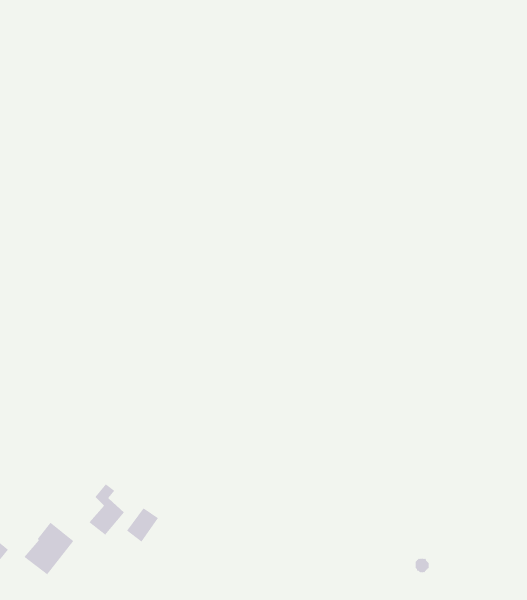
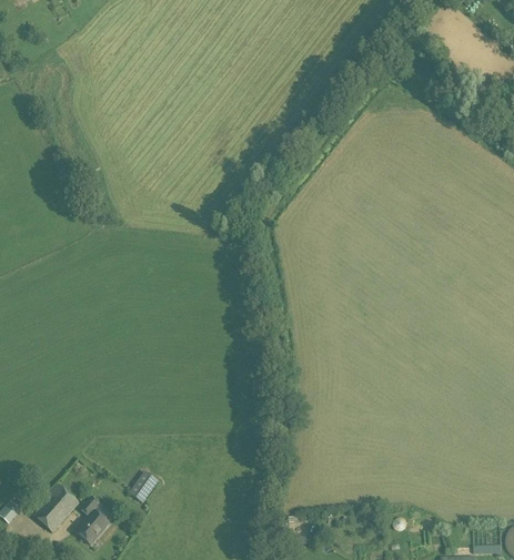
building: [89,484,125,536] -> [75,495,109,542]

